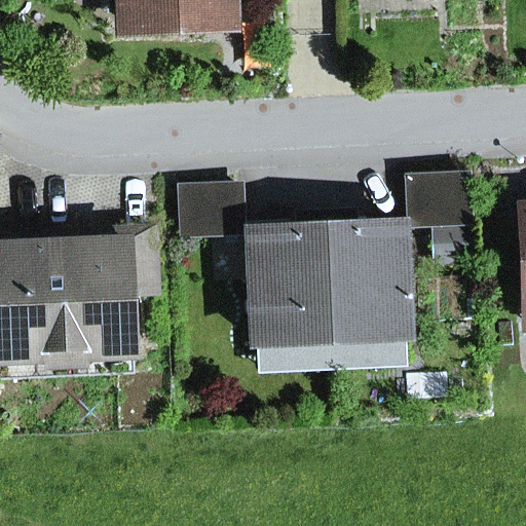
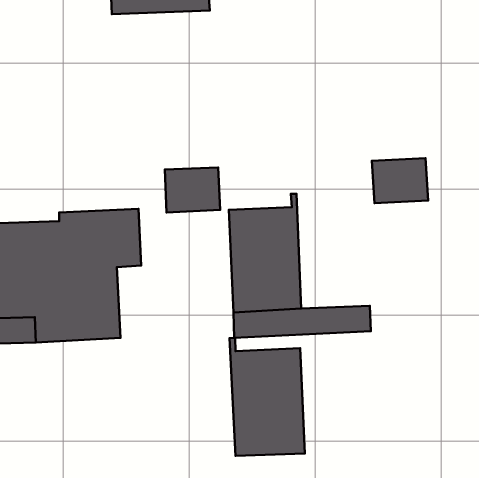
building: [324,212,404,337] -> none
building: none -> [229,338,305,456]

